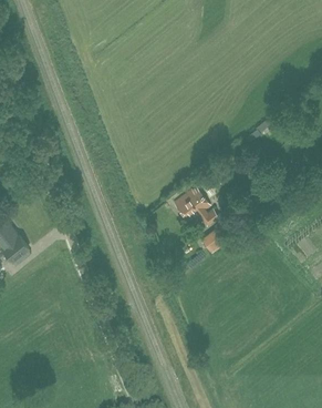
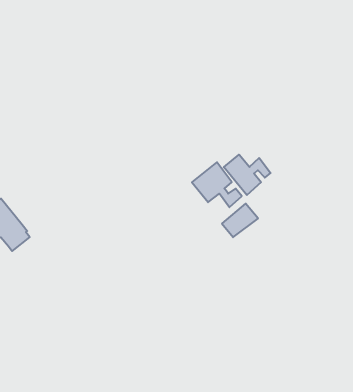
building: none -> [224,155,271,195]

